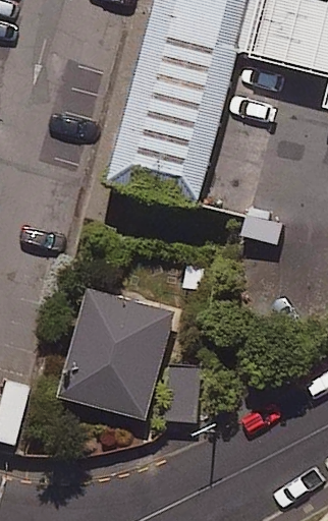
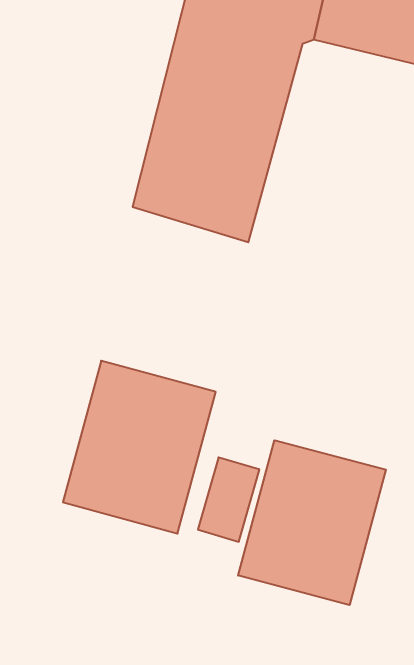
building: none -> [238,440,386,605]

